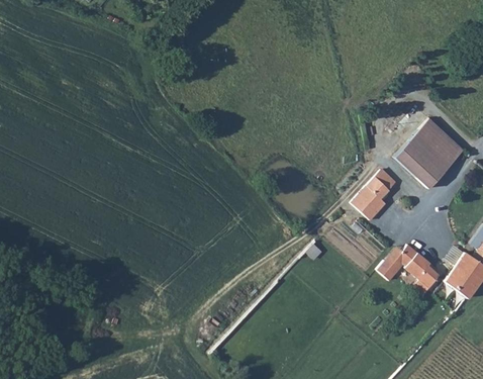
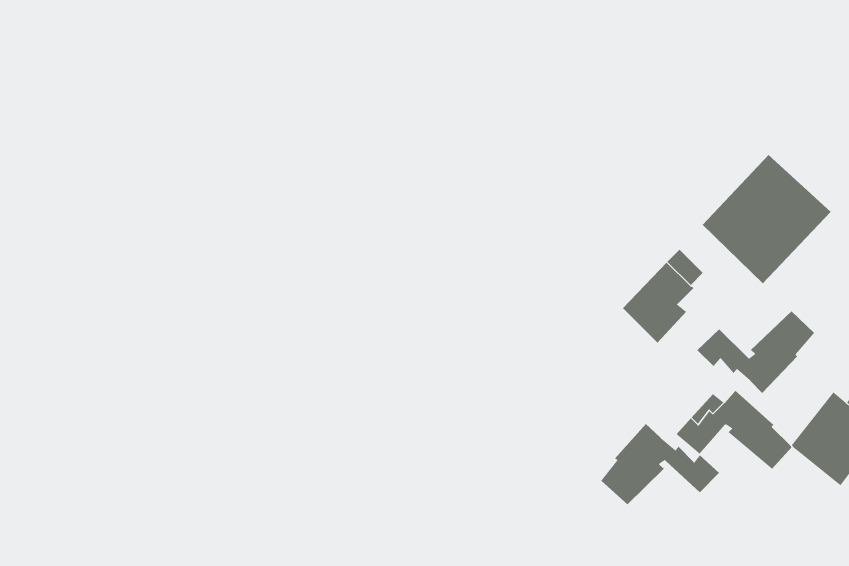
building: none -> [697,311,815,394]
building: none -> [600,423,720,505]

